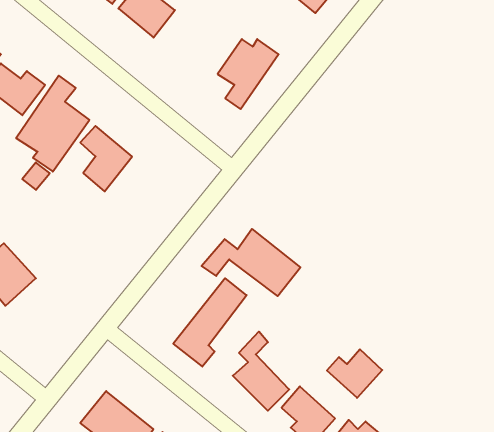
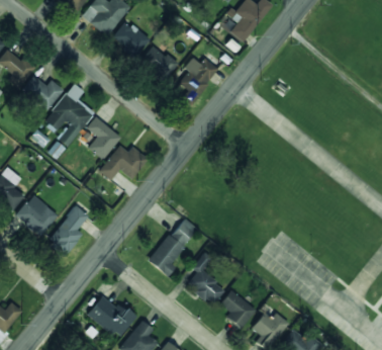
building: none -> [139,45,177,82]
building: none -> [98,146,147,180]
building: [202,229,300,296] -> none
building: none -> [46,205,89,256]
building: [327,349,382,398] -> none

